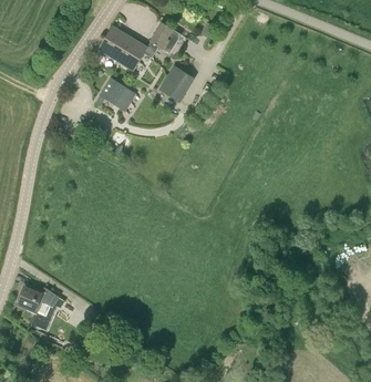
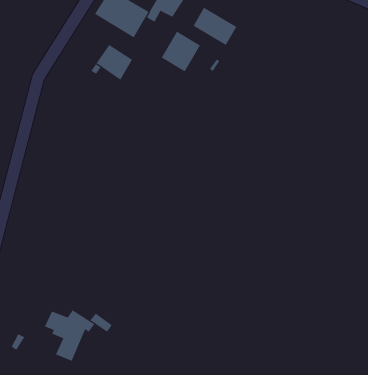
building: none -> [193,7,237,46]
building: [18,287,64,334] -> [44,310,95,362]

